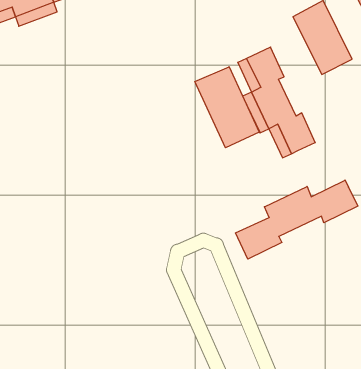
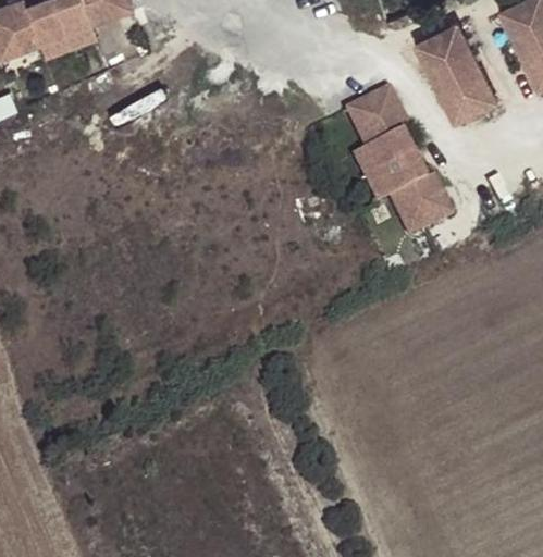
building: [195,67,259,148] -> none
building: [235,180,358,259] -> none

